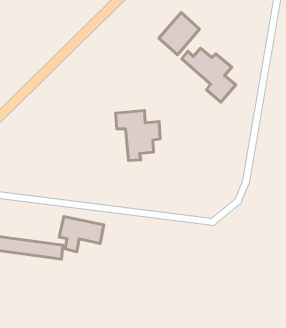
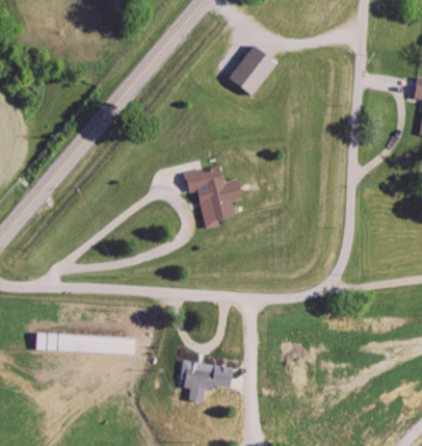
building: [182,48,236,102] -> none
building: [59,217,104,252] -> [181,361,233,401]

